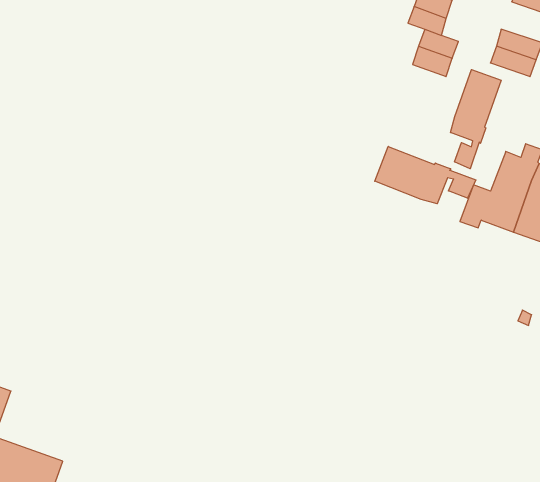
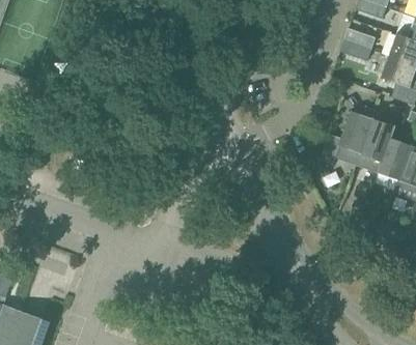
building: [451,70,501,169] -> none
building: [375,146,476,204] -> none

